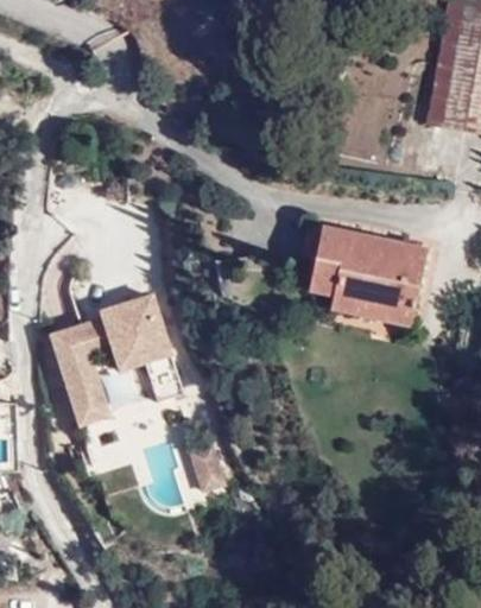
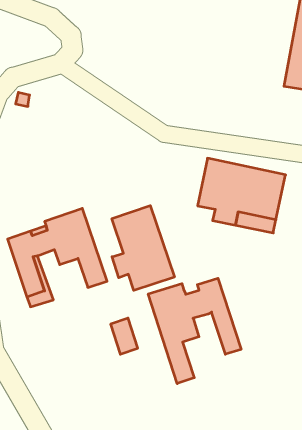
building: none -> [112,206,174,290]
building: none -> [148,278,241,384]

